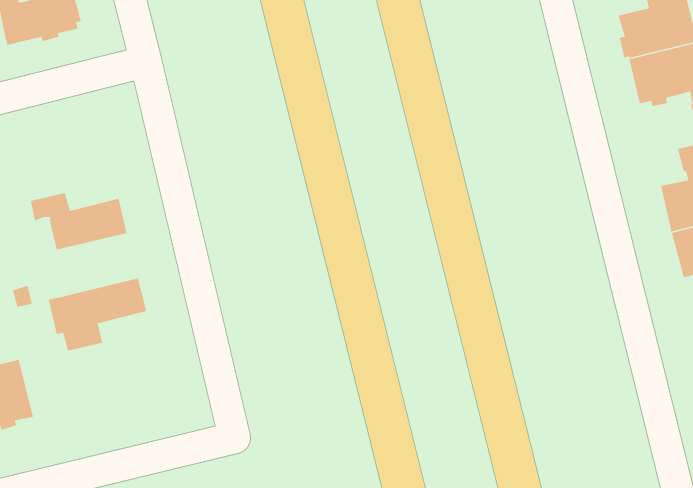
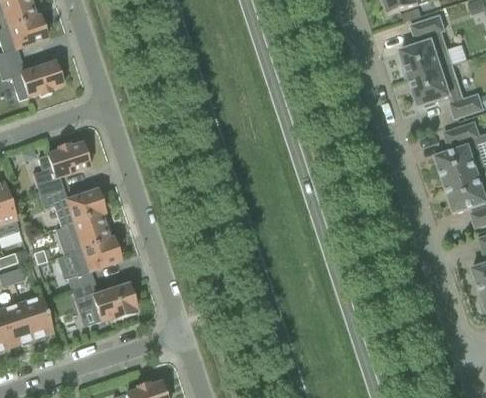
building: none -> [32,142,91,195]
building: none -> [54,211,112,254]
building: none -> [71,281,136,321]

